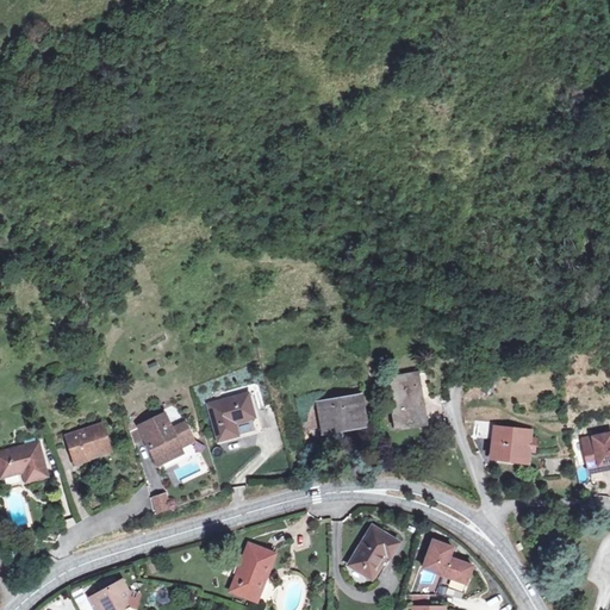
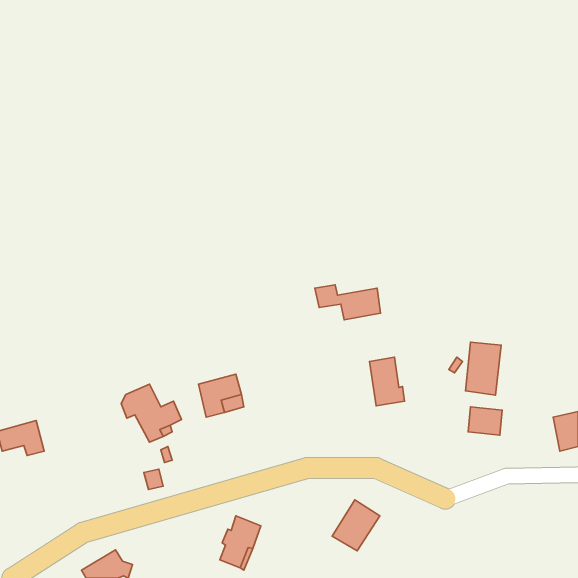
building: none -> [466,342,501,395]
building: [295,392,365,429] -> [315,285,380,320]
building: [68,424,108,460] -> none
building: [423,539,472,581] -> none

